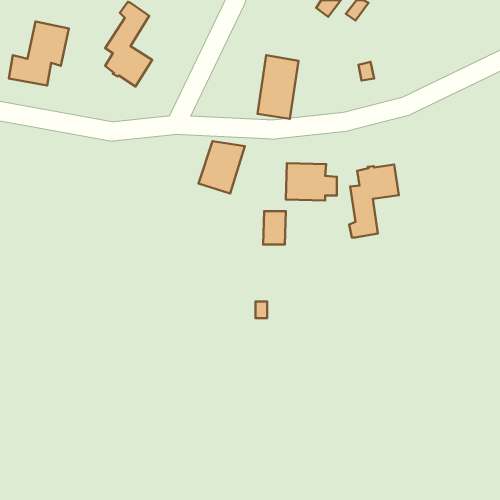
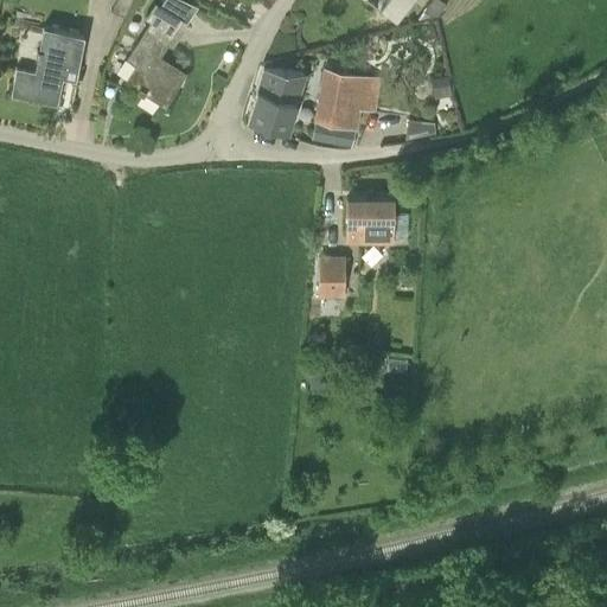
building: [199,141,245,193] -> [249,68,305,130]
building: [349,164,399,238] -> none

